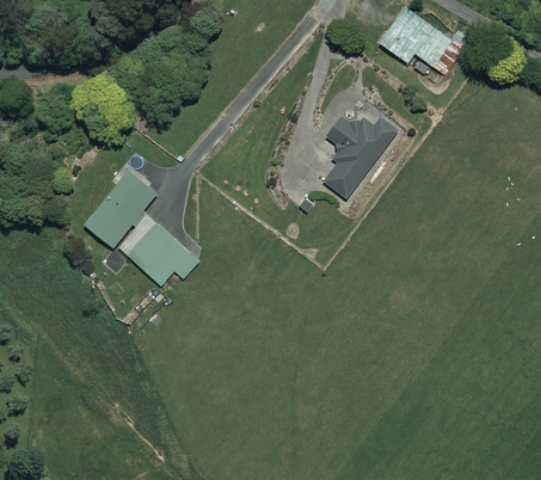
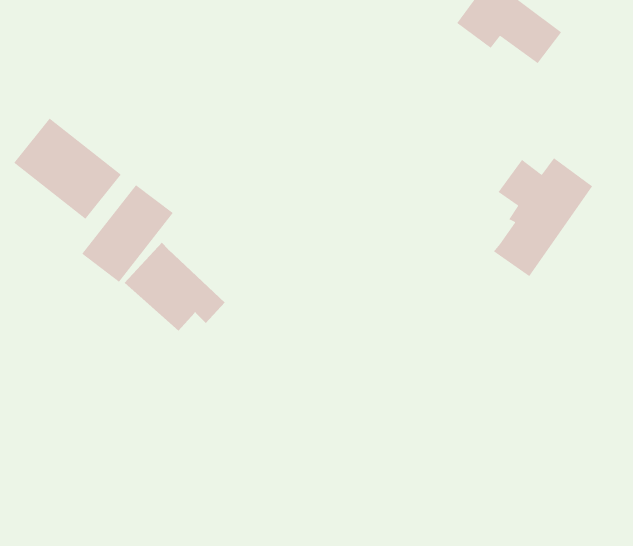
building: [320,109,399,203] -> [493,157,593,277]
building: none -> [13,118,122,220]

